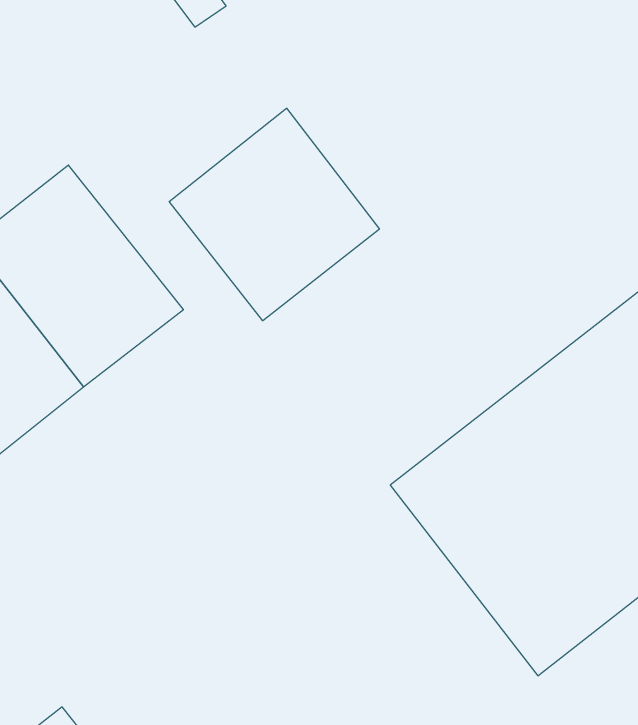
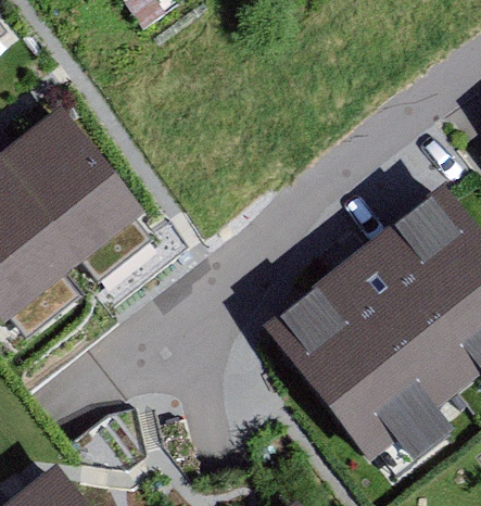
building: [169,108,379,321] -> none

